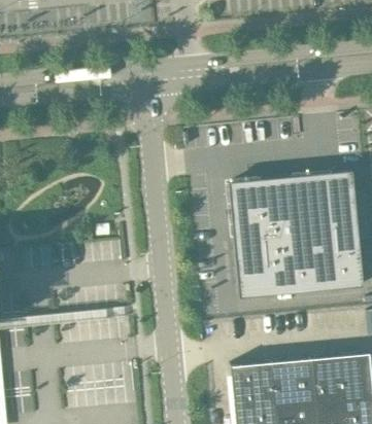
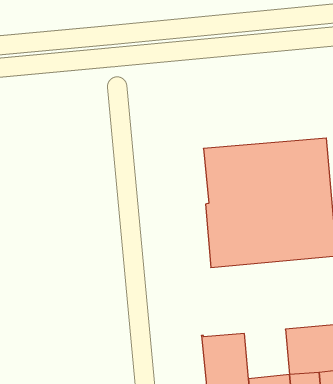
building: [274,359,318,408] -> none

